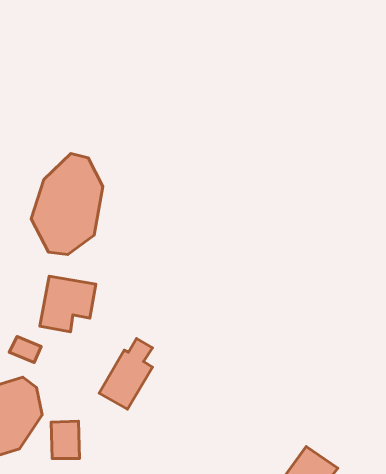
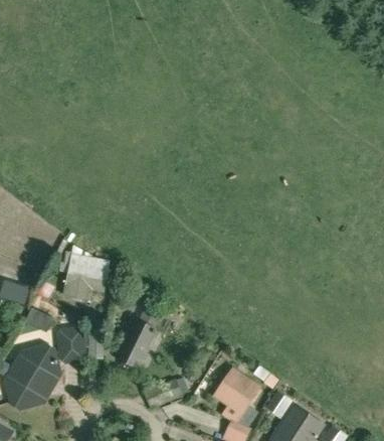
building: [31,153,103,255] -> none
building: none -> [212,369,262,425]
building: [51,421,80,459] -> [60,328,85,361]

